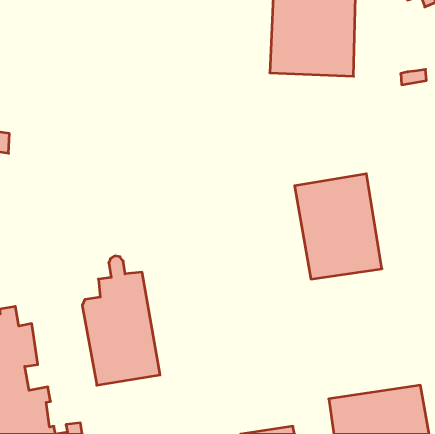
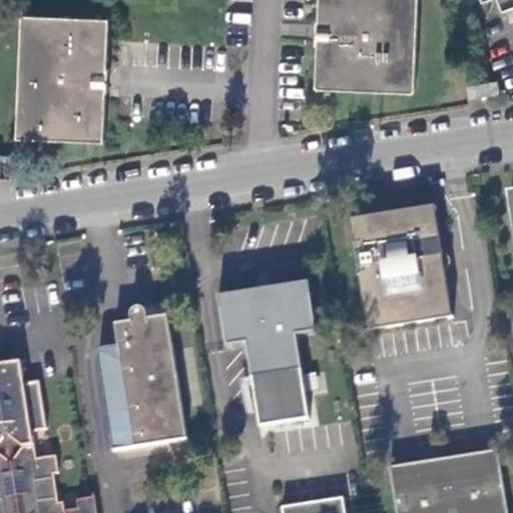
building: none -> [15,14,106,141]
building: none -> [218,283,317,429]

